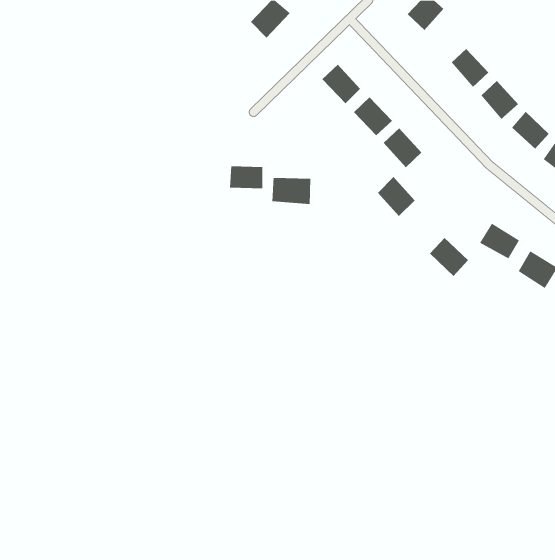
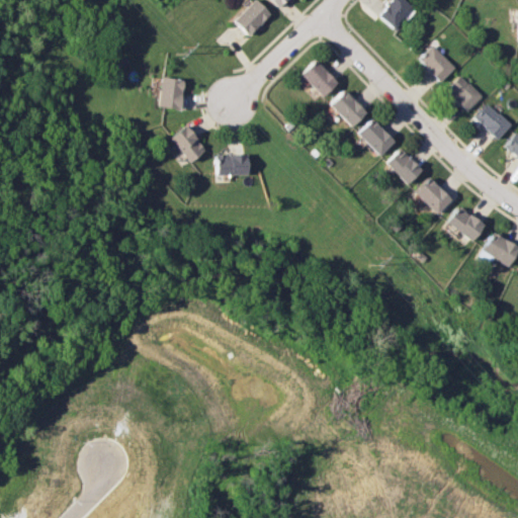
building: none -> [161,78,184,109]
building: none -> [171,125,205,163]
building: [377,176,415,217] -> [386,148,422,185]
building: [272,177,311,205] -> none
building: [429,237,469,277] -> [415,177,451,213]

